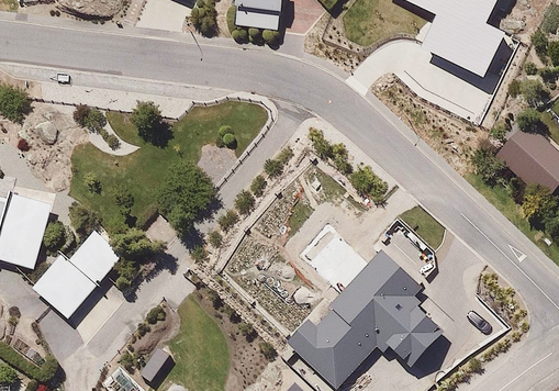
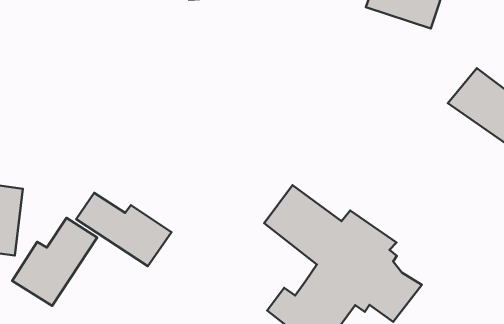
building: none -> [76,193,172,266]

